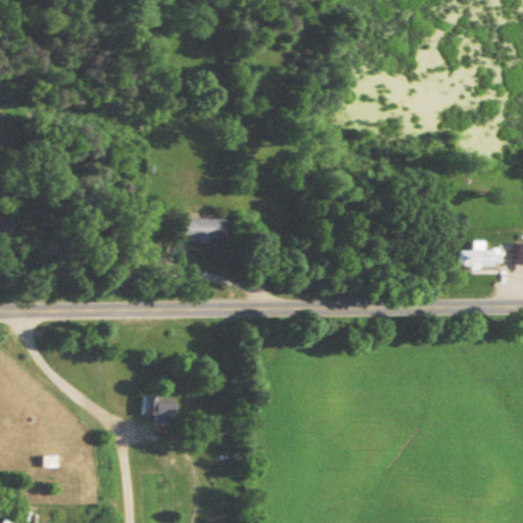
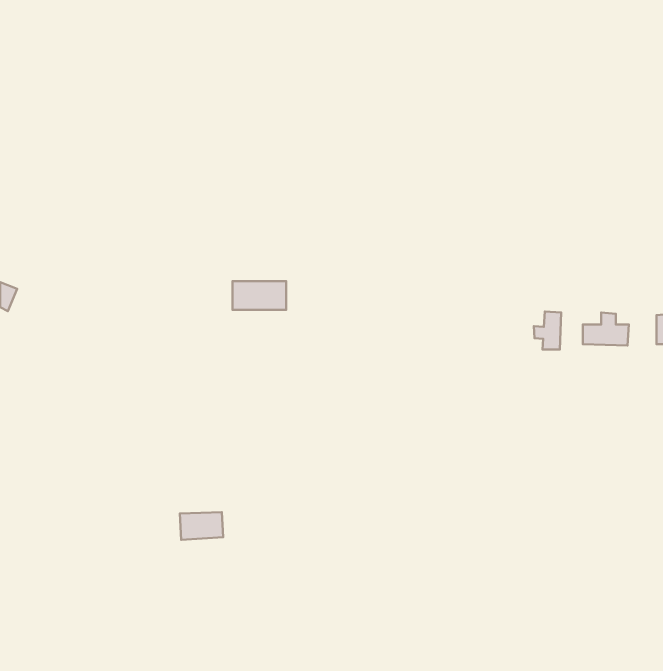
building: none -> [534,311,561,350]

